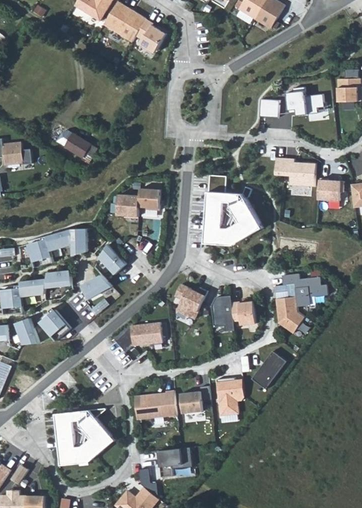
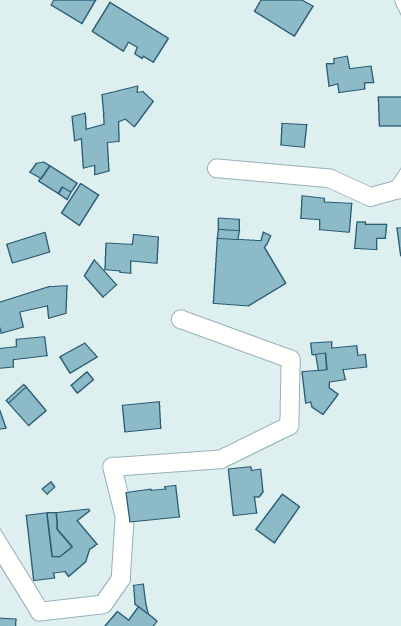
building: none -> [72,86,153,175]
building: [284,86,322,115] -> [326,56,374,93]
building: none -> [62,184,99,226]
building: none -> [7,232,50,263]
building: [98,244,124,274] -> [84,260,117,297]
building: [174,284,206,318] -> none
building: [214,295,255,331] -> none
building: [252,350,287,389] -> [256,494,299,543]
building: [179,383,209,411] -> none
building: [158,447,191,476] -> none

